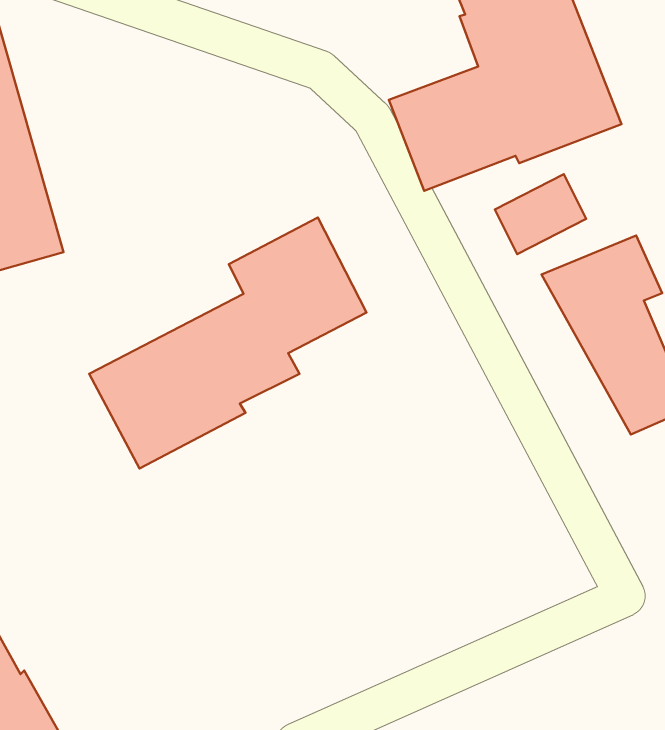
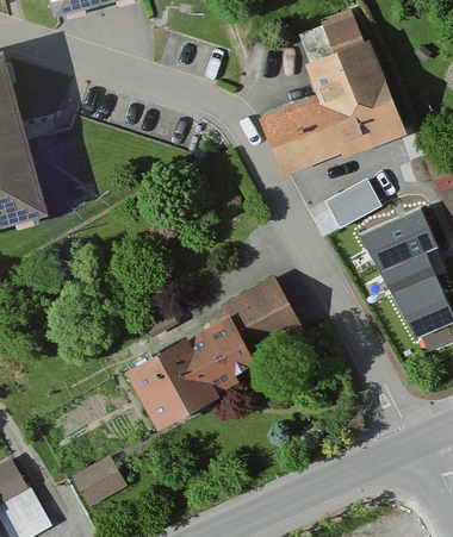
building: [89,218,366,469] -> [125,273,303,433]
building: none -> [70,458,117,505]

